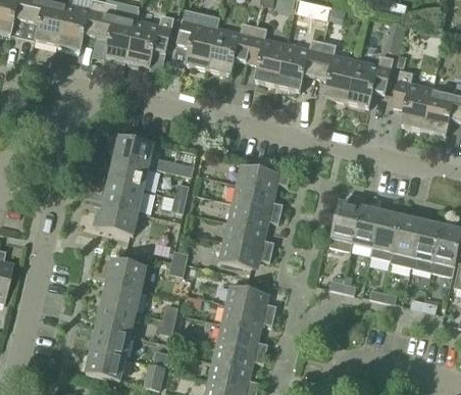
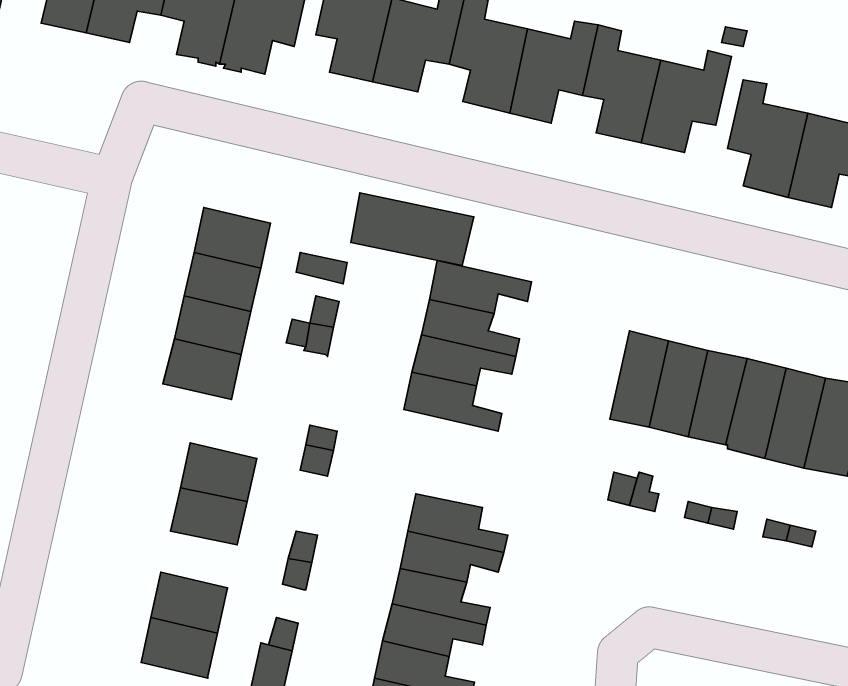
building: none -> [351,193,474,266]
building: [218,241,271,268] -> none
building: [96,304,136,334] -> none

